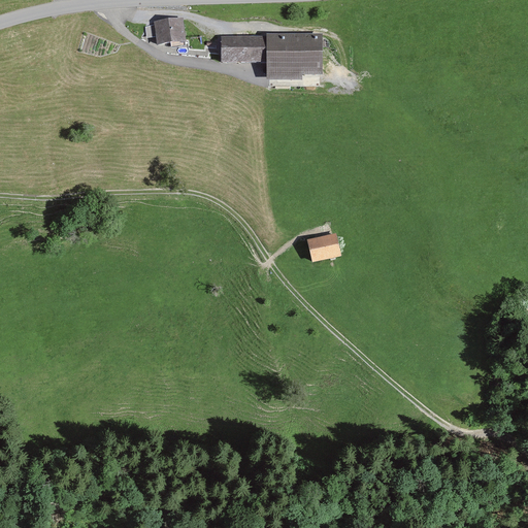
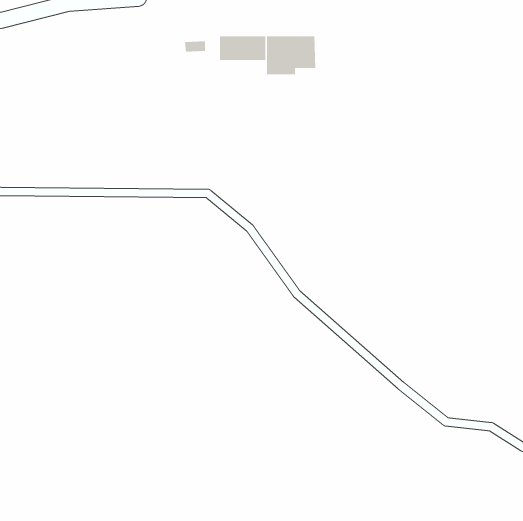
building: [154,18,183,42] -> none
building: [306,234,338,260] -> none

